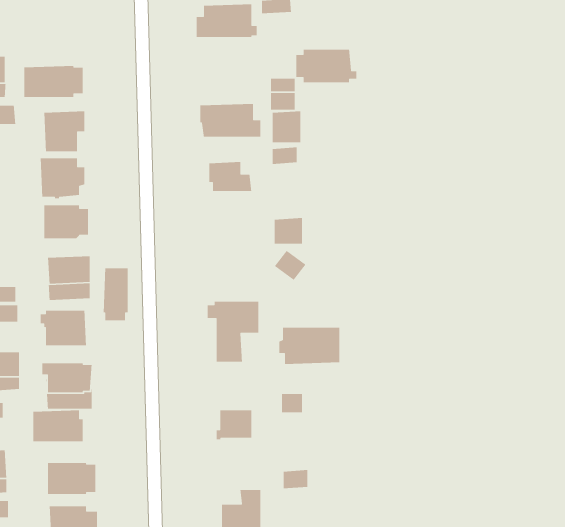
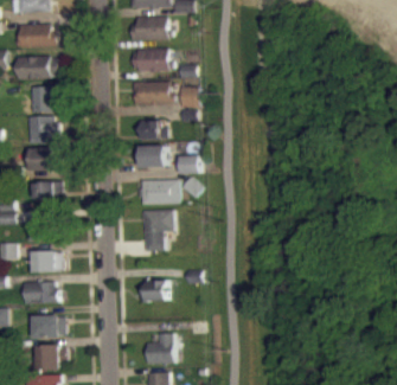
building: none -> [15,24,55,47]
building: [296,49,357,83] -> [130,47,171,70]
building: none -> [136,145,165,166]
building: [103,267,129,321] -> none
building: [279,327,340,365] -> [136,179,177,204]

